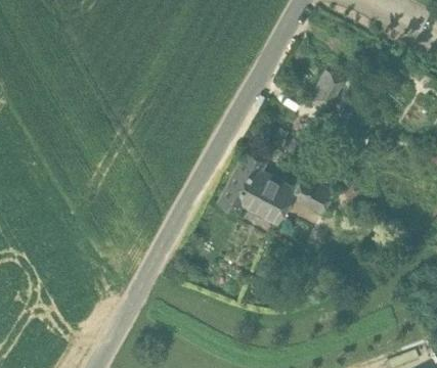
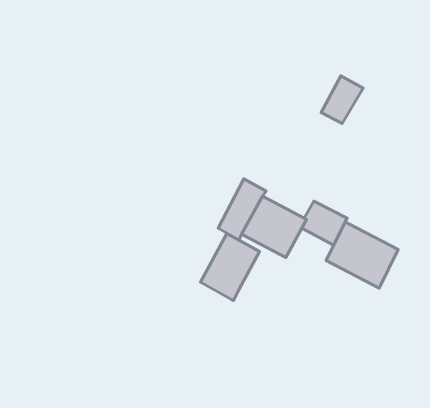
building: none -> [326,222,398,288]
building: none -> [201,234,260,300]

